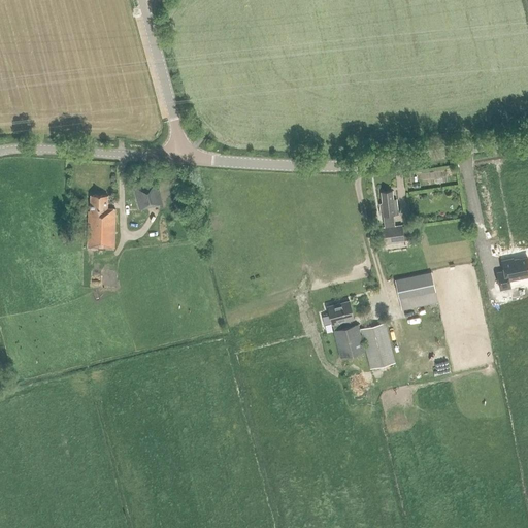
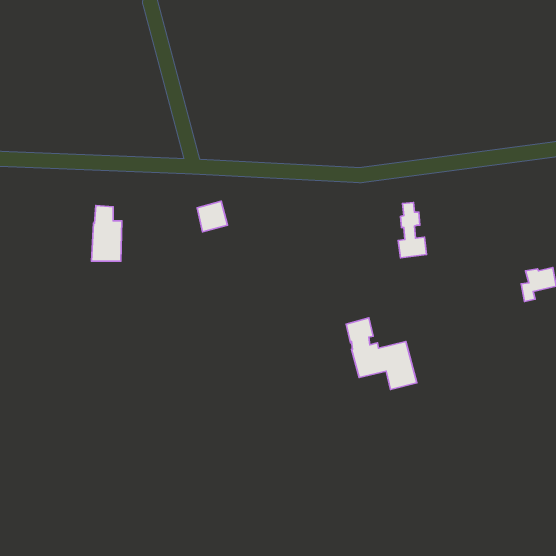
building: [133,180,162,209] -> [197,201,228,232]
building: [394,272,437,309] -> none

